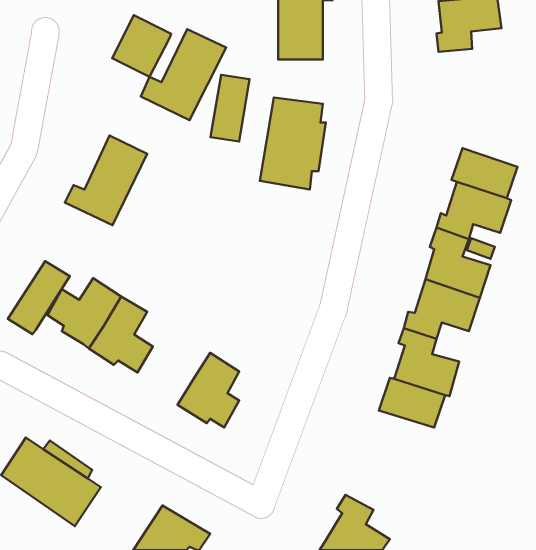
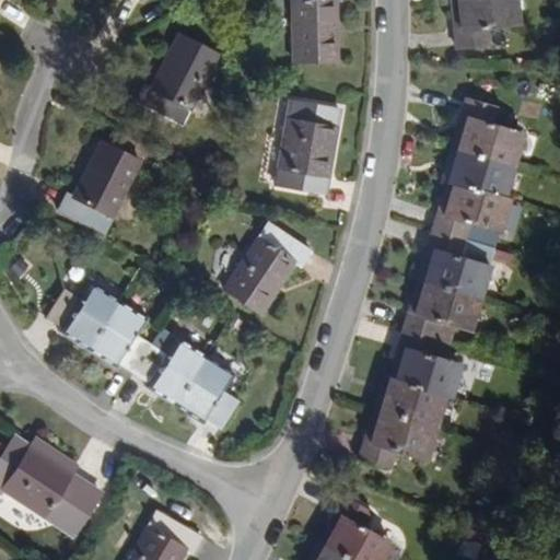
building: [112,15,171,77] -> none
building: [211,75,250,141] -> none
building: none -> [467,101,532,168]
building: none -> [211,229,303,322]
building: [8,261,70,334] -> none
building: none -> [139,338,212,409]
building: none -> [362,415,439,472]

